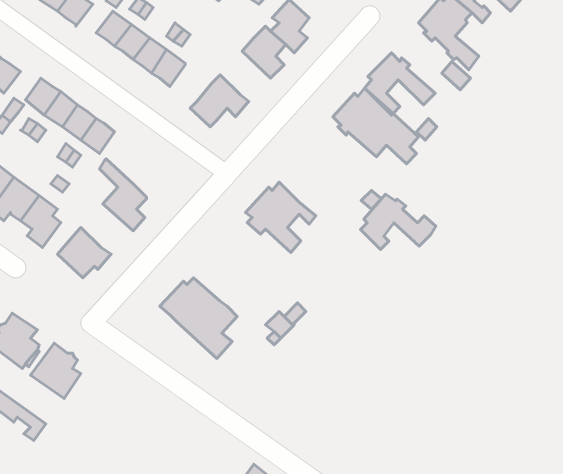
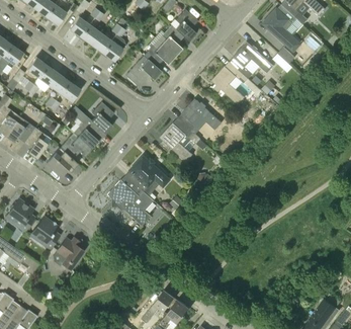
building: none -> [144,40,174,67]
building: none -> [91,101,113,134]
building: [360,194,436,250] -> [179,98,225,132]
building: none -> [60,133,91,159]
building: none -> [127,155,170,194]
building: none -> [57,237,84,270]

